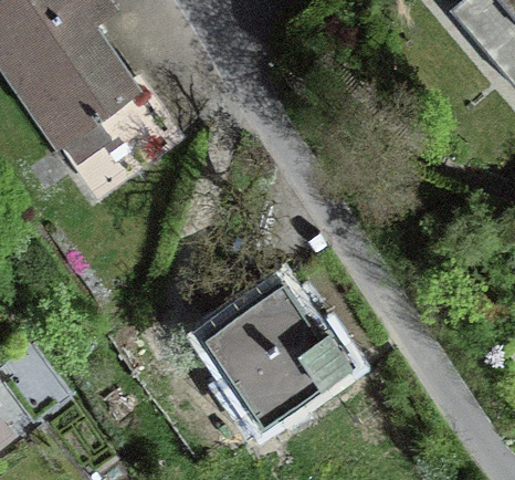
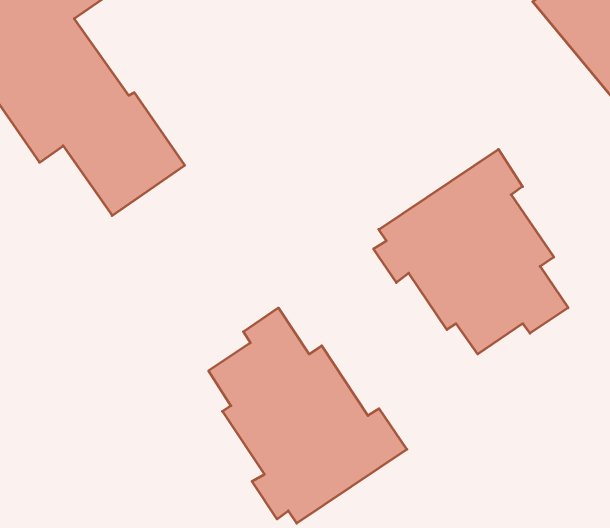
building: none -> [374,149,568,354]

